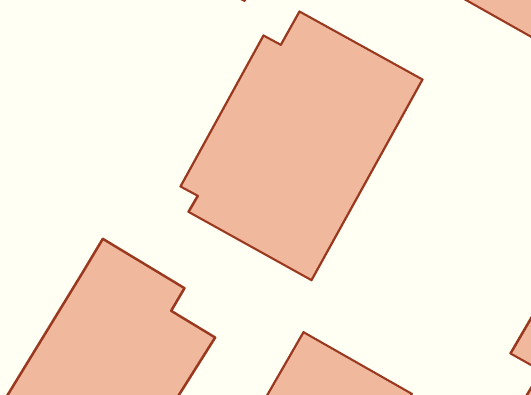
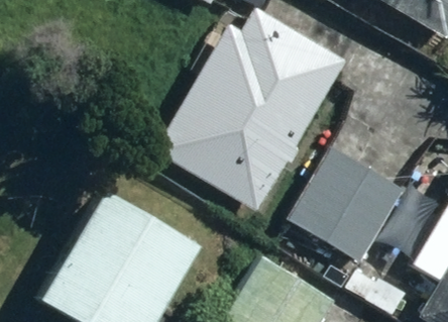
building: none -> [278,139,408,258]

